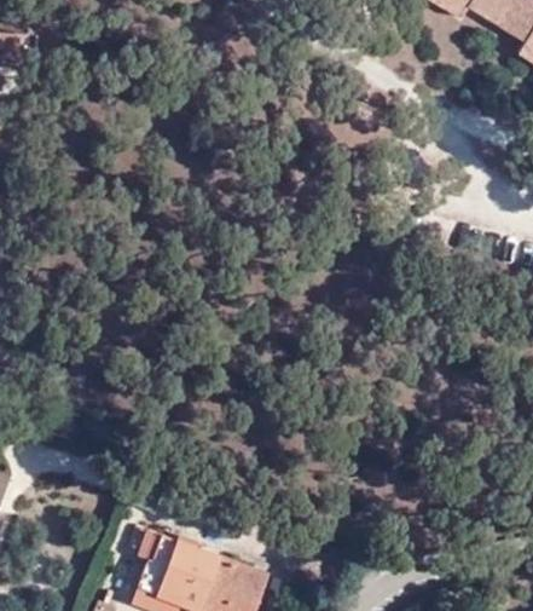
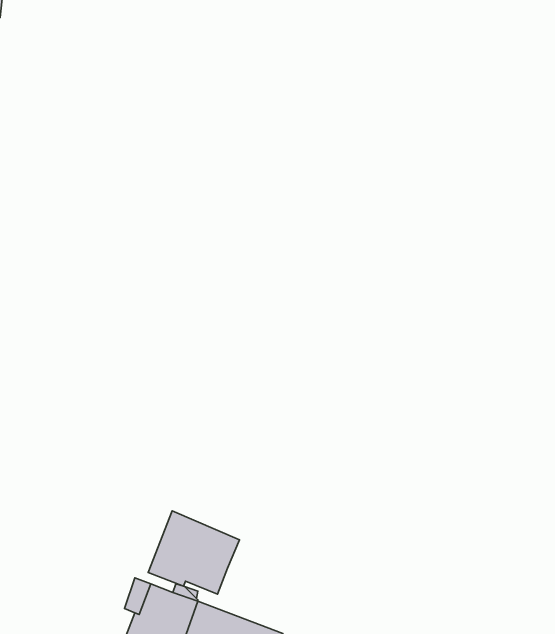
building: none -> [148,511,239,594]

